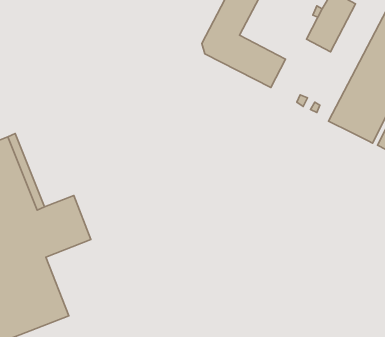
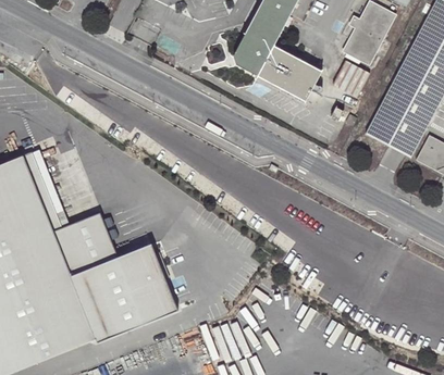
building: none -> [332,60,369,96]
building: none -> [71,245,176,342]

